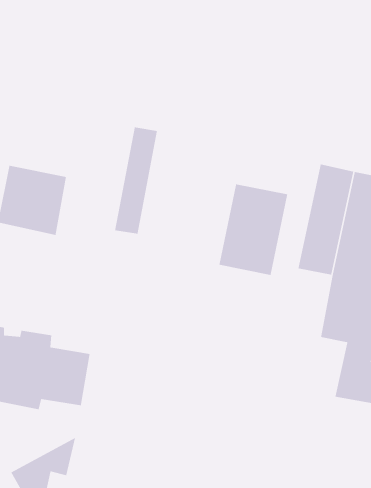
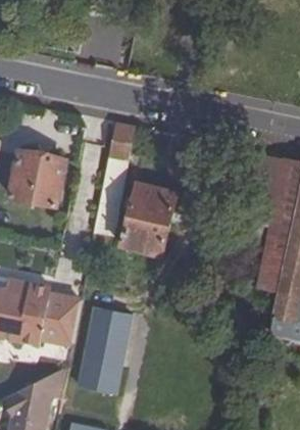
building: [218,183,288,276] -> [124,187,179,258]
building: none -> [81,292,134,381]

